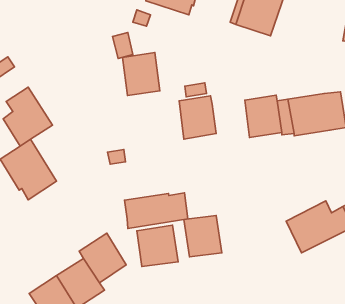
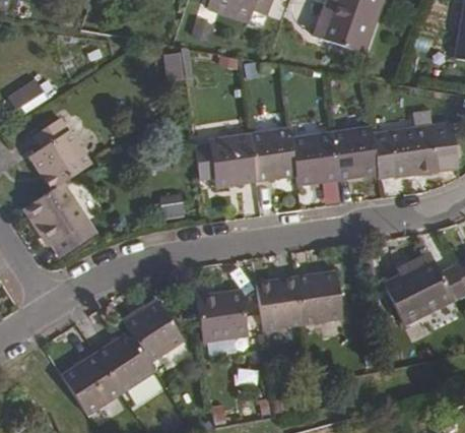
building: [123,53,160,96] -> [209,133,256,187]
building: none -> [291,132,338,185]
building: [124,193,188,229] -> none
building: none -> [296,270,343,323]

